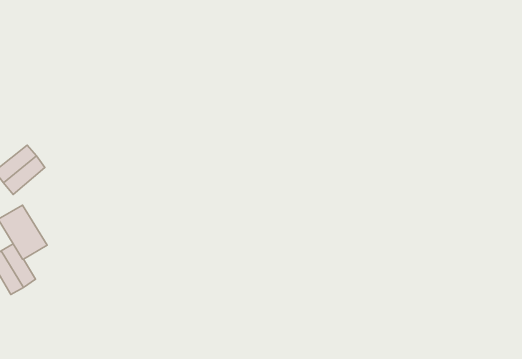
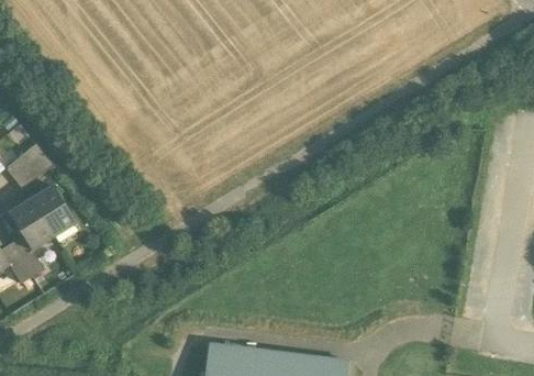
building: none -> [31,185,76,236]

